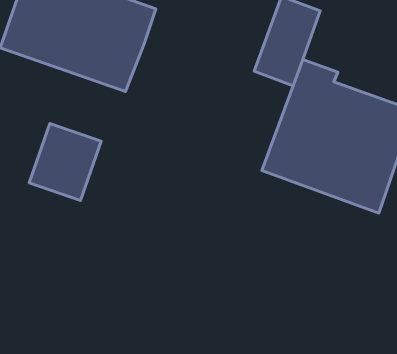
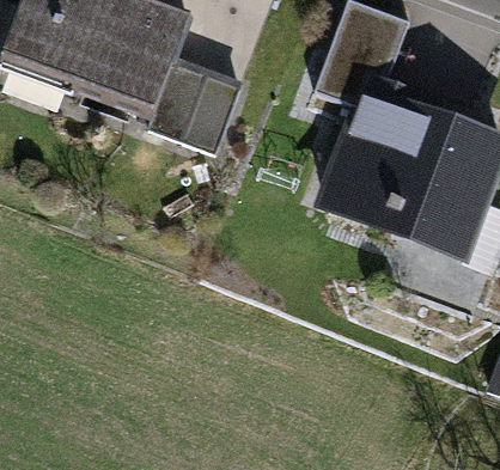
building: none -> [154,57,242,149]
building: [29,124,101,200] -> none

